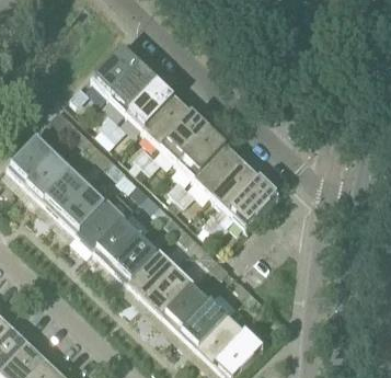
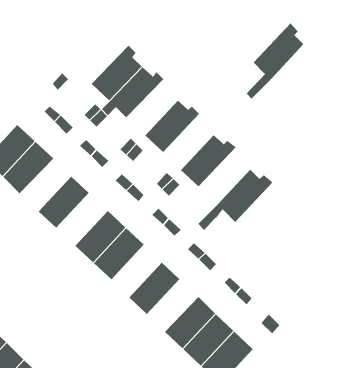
building: [92,47,146,96] -> none
building: [143,92,193,146] -> none
building: [179,125,227,179] -> none
building: [206,157,262,230] -> [246,22,304,99]
building: [42,168,91,218] -> none
building: [77,192,135,251] -> none
building: [129,250,177,300] -> none
building: [163,283,212,333] -> none

